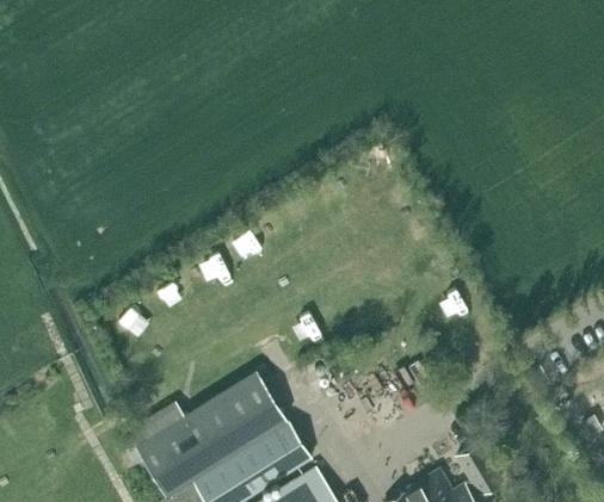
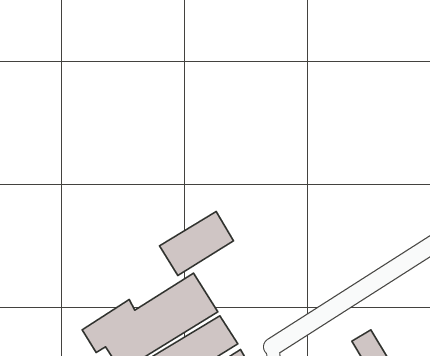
building: none -> [160,212,234,275]

